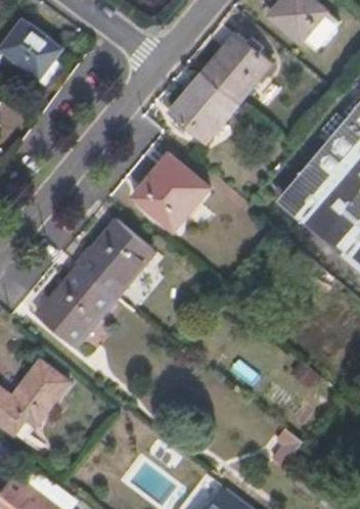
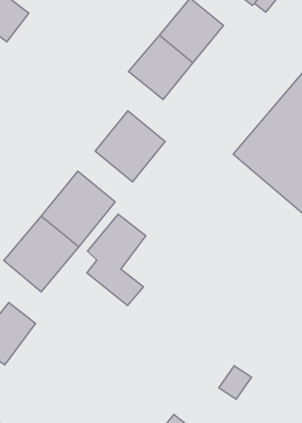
building: none -> [87,214,146,306]

